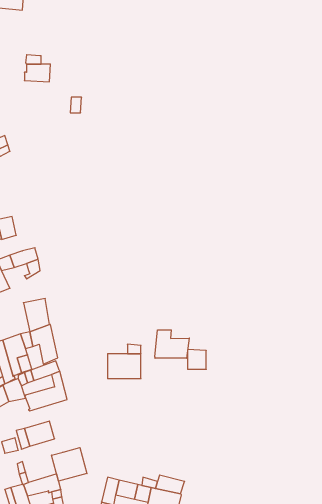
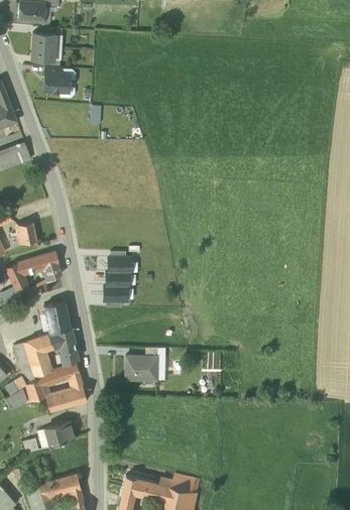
building: none -> [31,32,55,59]
building: none -> [103,257,131,300]
building: [155,330,189,358] -> none
building: [52,448,87,481] -> none

